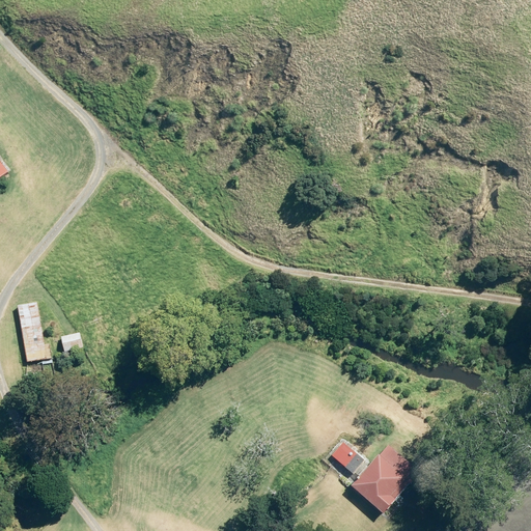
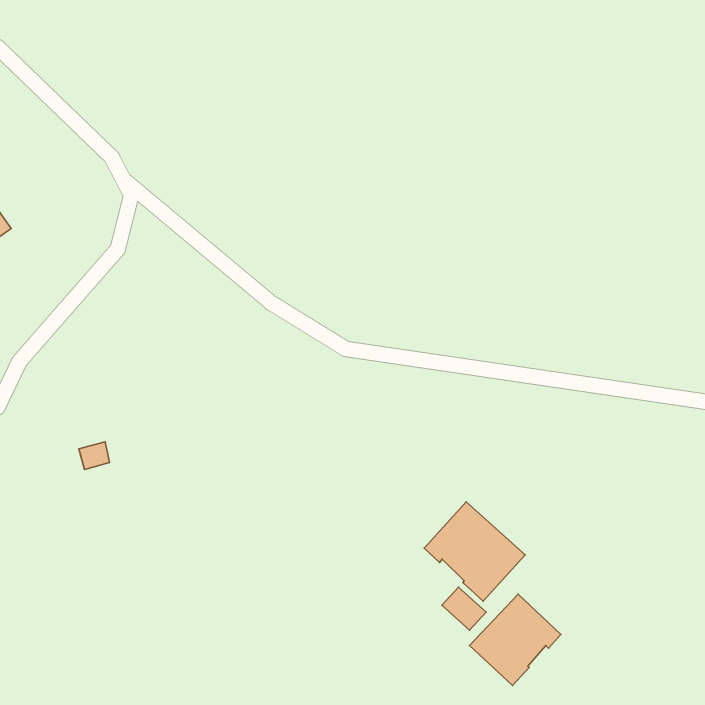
building: [17,301,50,362] -> none
building: none -> [424,502,525,601]

